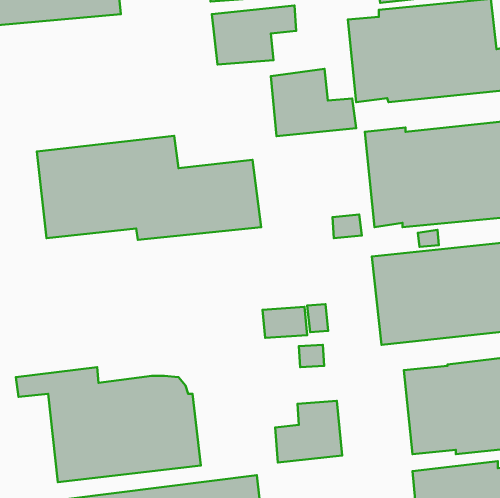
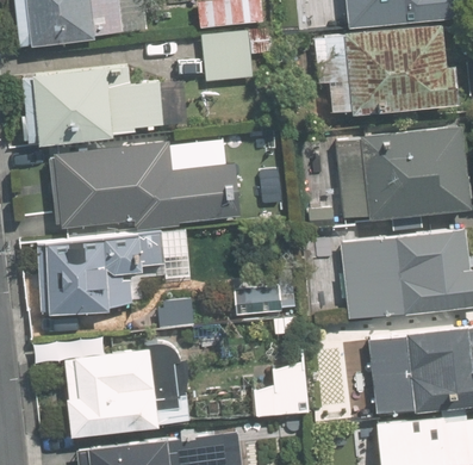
building: none -> [33,64,167,143]
building: [271,69,356,136] -> none
building: none -> [41,234,167,314]

